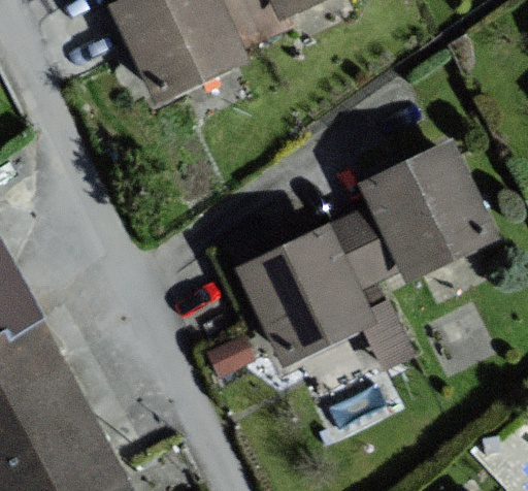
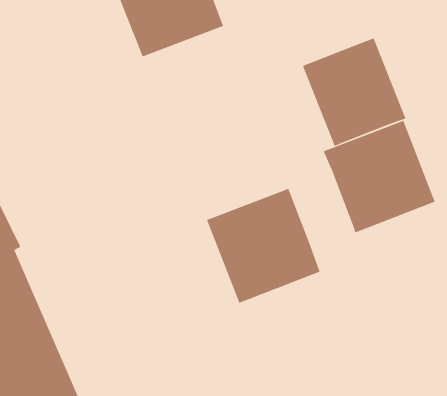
building: none -> [302,38,406,147]
building: [333,207,406,287] -> none

